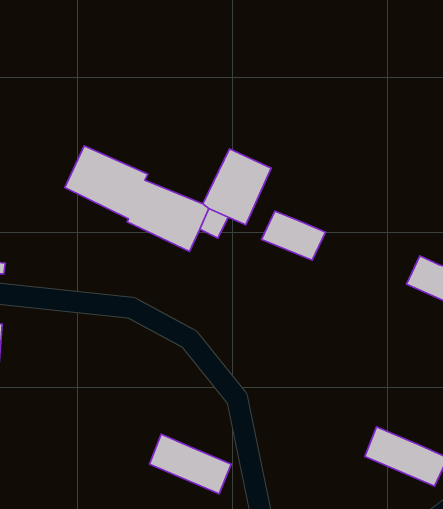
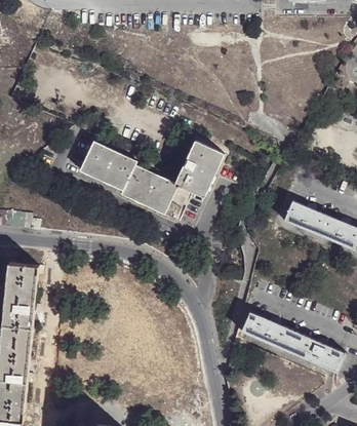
building: [262,211,325,260] -> [280,200,324,234]
building: [149,434,231,494] -> [238,312,294,353]

